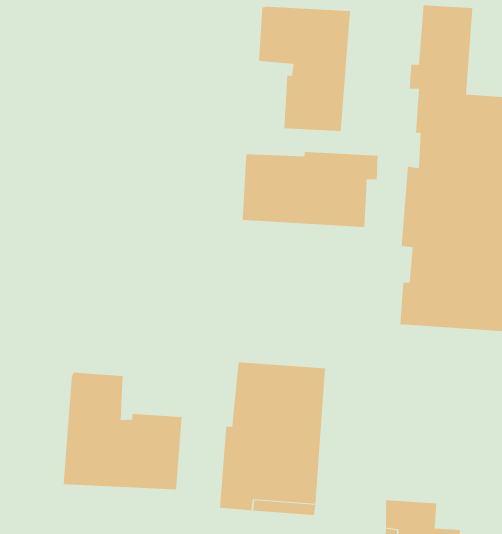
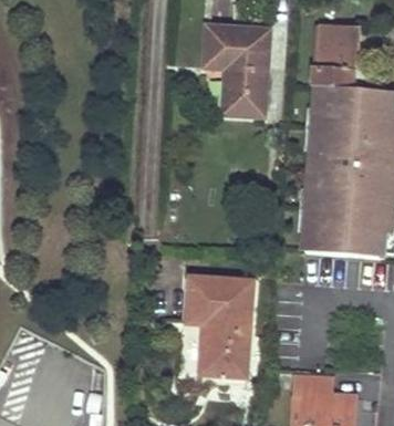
building: [242,151,378,228] -> none
building: [63,372,182,490] -> none

